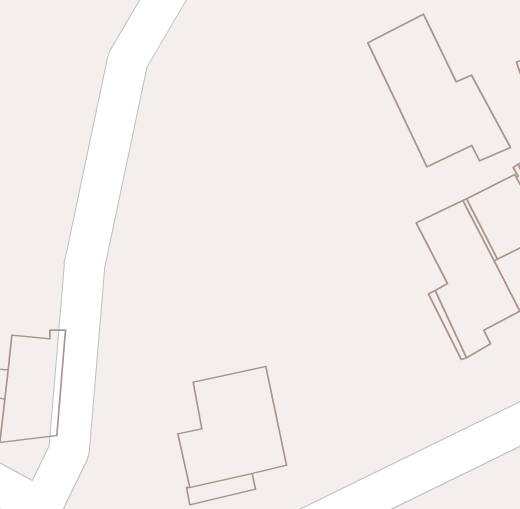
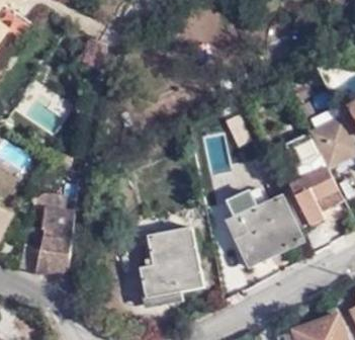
building: [368,14,510,167] -> none
building: none -> [225,193,300,265]

